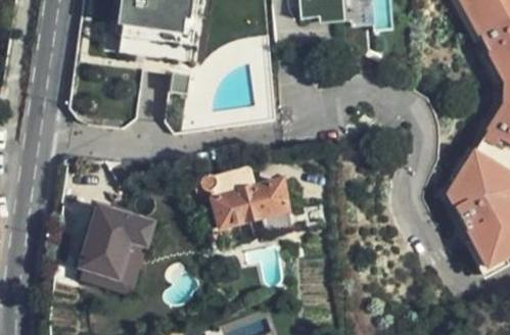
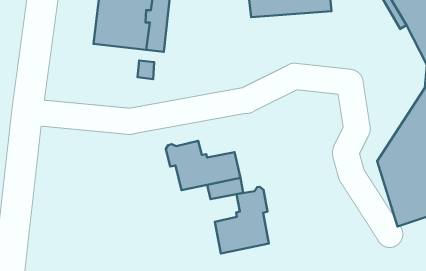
building: [80,202,158,292] -> none
building: none -> [215,187,269,254]

